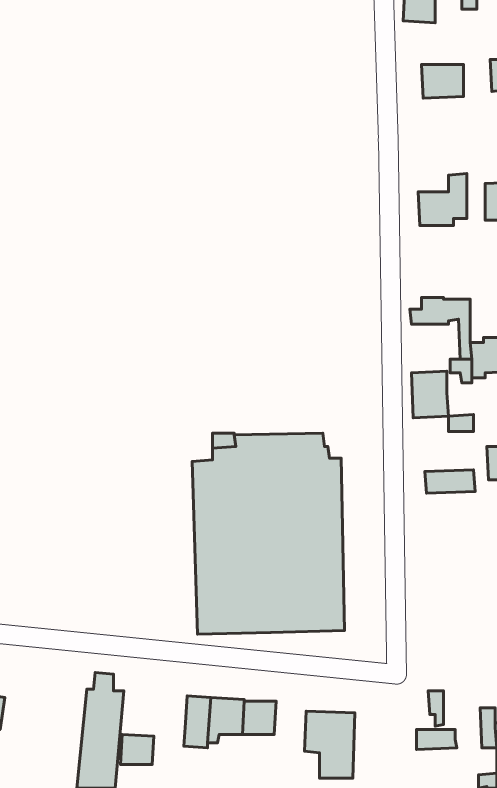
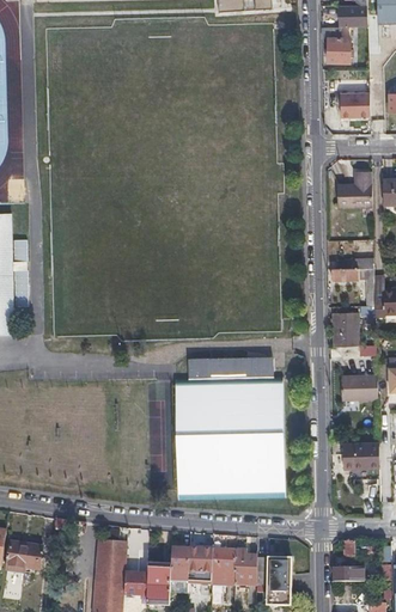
building: none -> [354,442,379,467]
building: none -> [234,547,257,583]
building: none -> [146,562,171,604]

